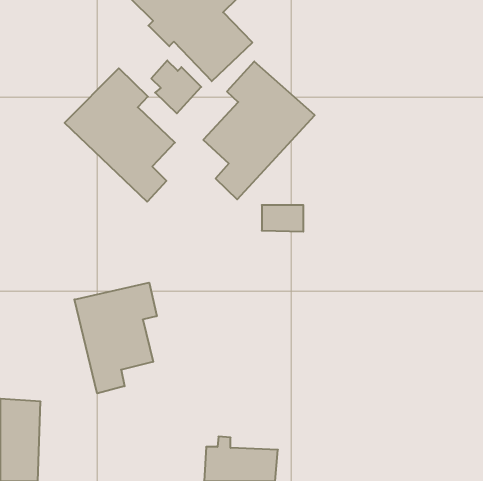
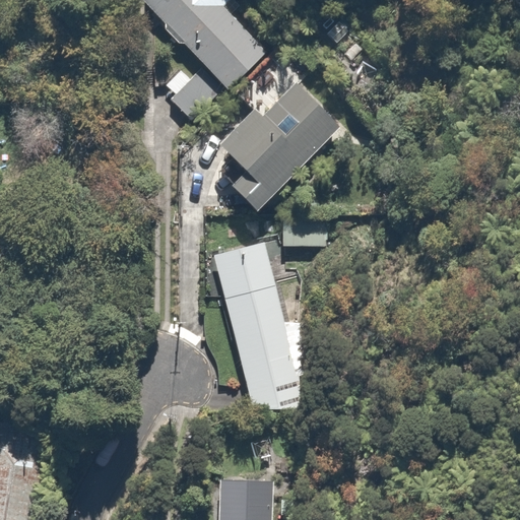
building: [65,68,175,202] -> none
building: none -> [210,240,307,416]
building: [74,283,157,393] -> none

